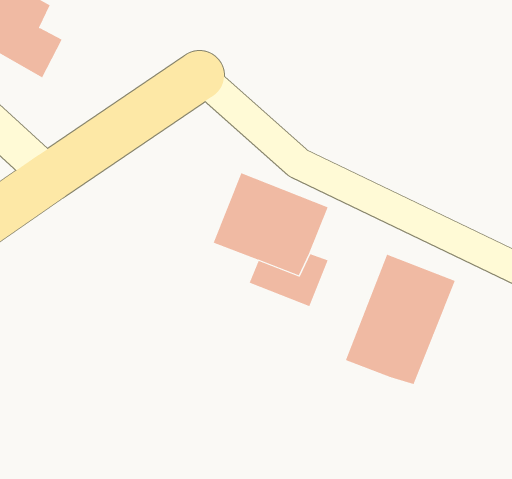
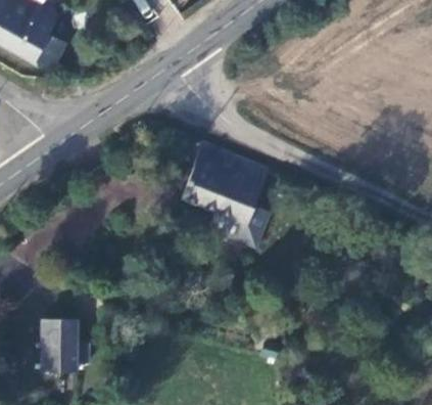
building: [345,254,456,385] -> none
building: none -> [41,319,71,370]

